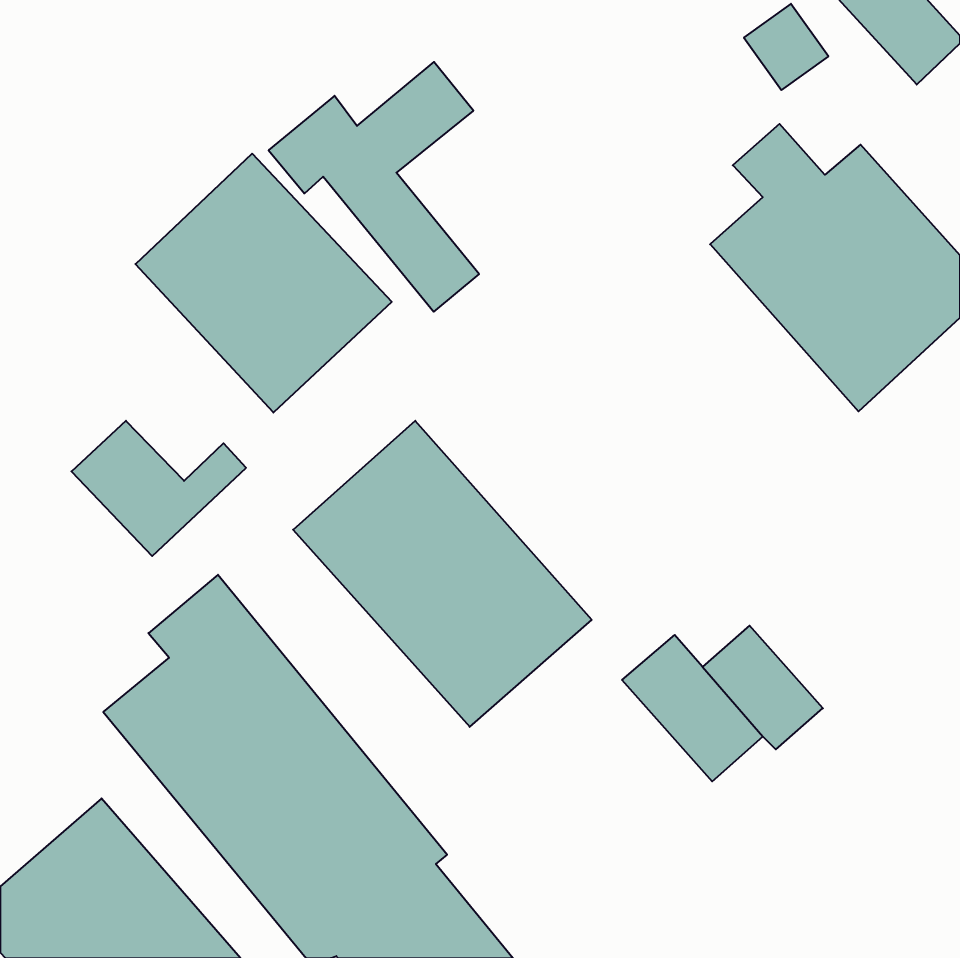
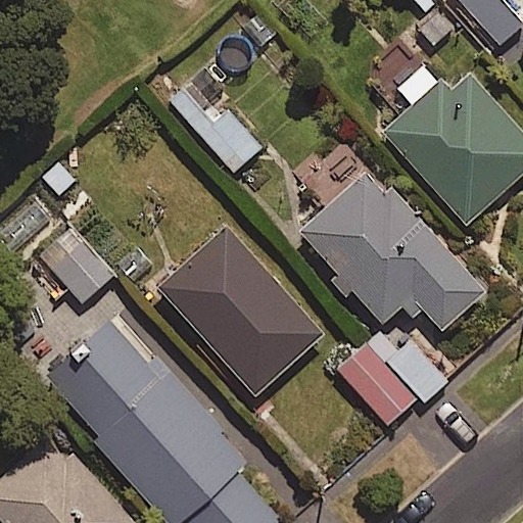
building: [135,154,392,413] -> none
building: none -> [300,150,483,332]

